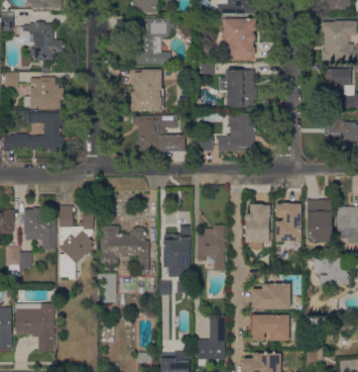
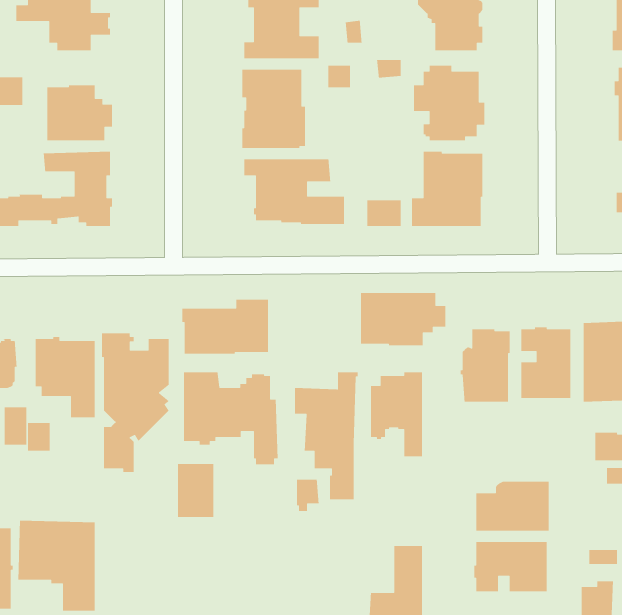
building: none -> [360,292,446,346]
building: none -> [182,299,269,354]

